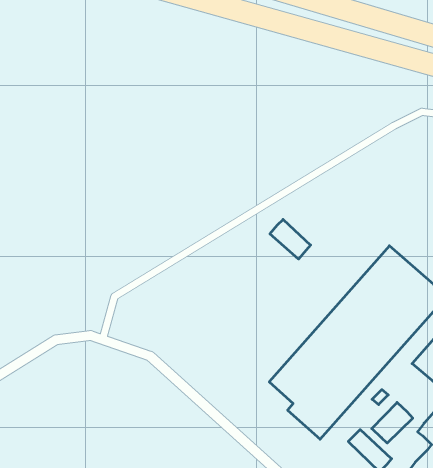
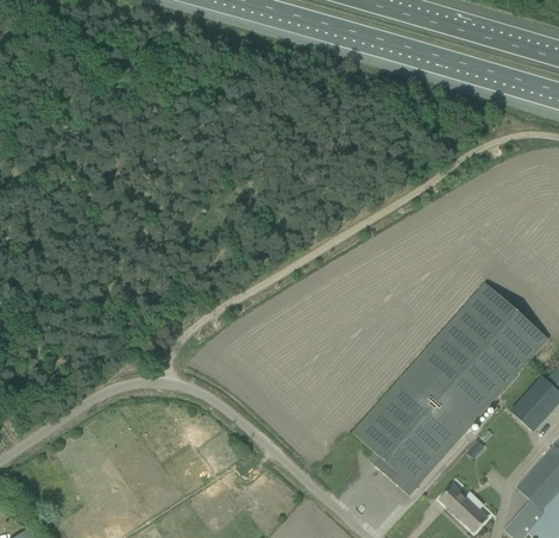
building: [270,219,311,259] -> none
building: [372,402,413,443] -> none

